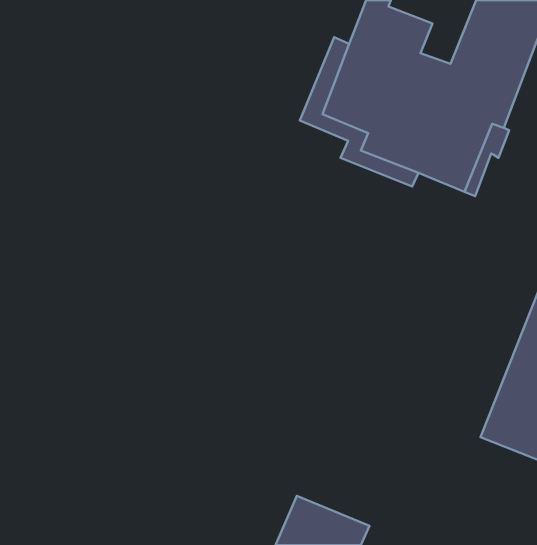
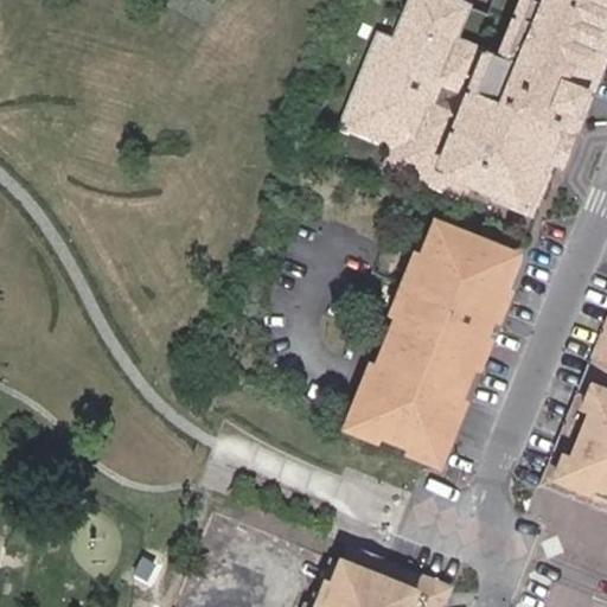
building: none -> [341,213,525,467]

